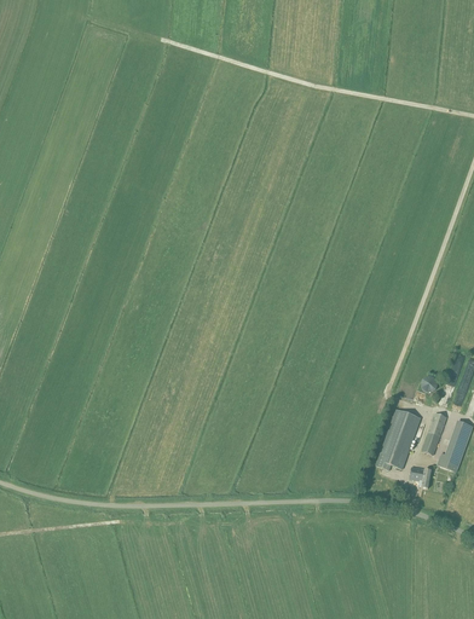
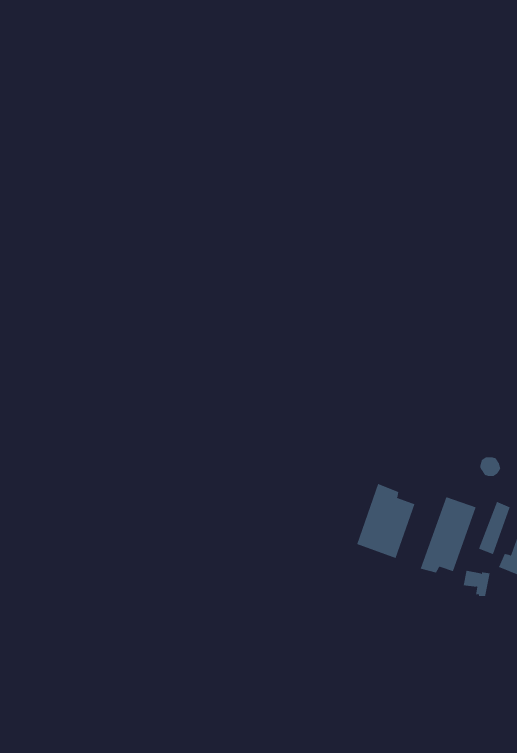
building: none -> [356,483,415,559]

